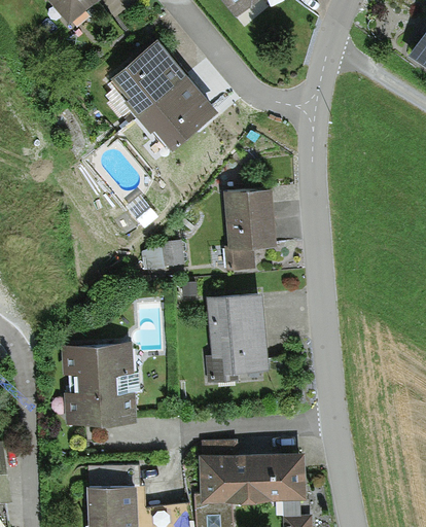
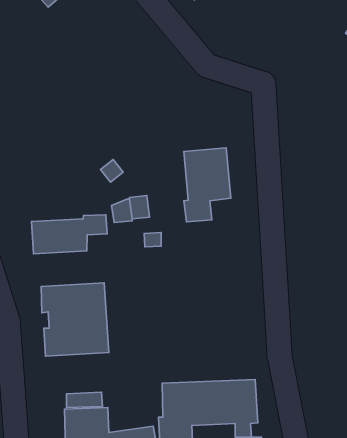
building: [109,38,218,151] -> none
building: none -> [32,215,107,254]
building: [206,293,269,385] -> none

